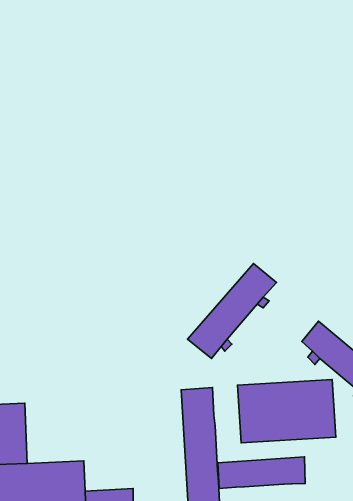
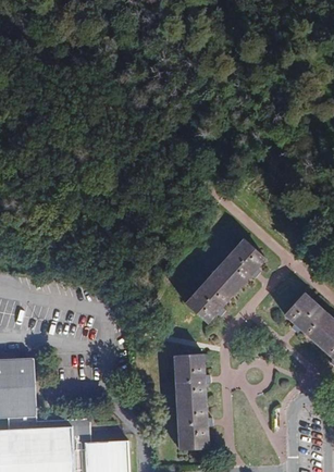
building: [238,379,336,443] -> none
building: [218,457,305,489] -> none

